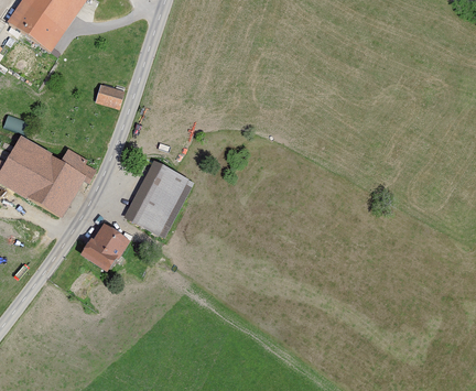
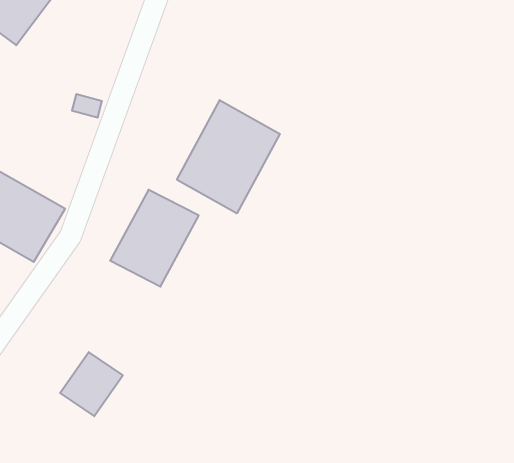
building: none -> [177,100,280,213]
building: [80,222,131,274] -> [60,352,123,416]

